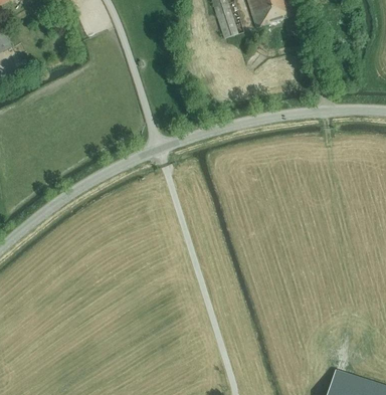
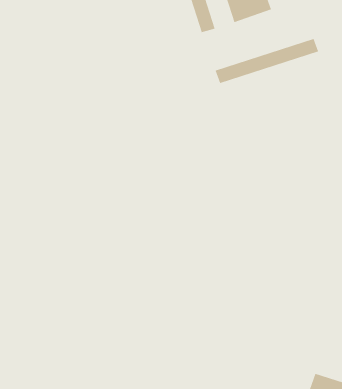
building: none -> [215,38,319,84]

